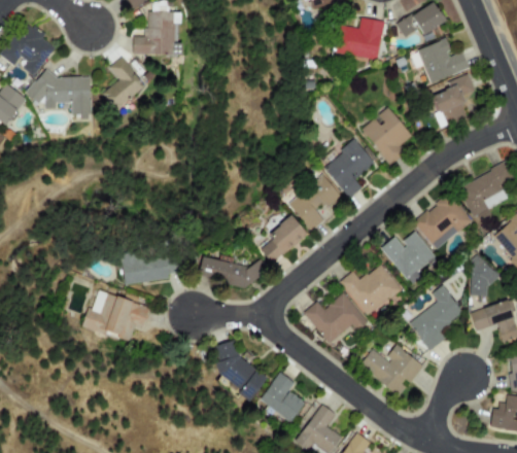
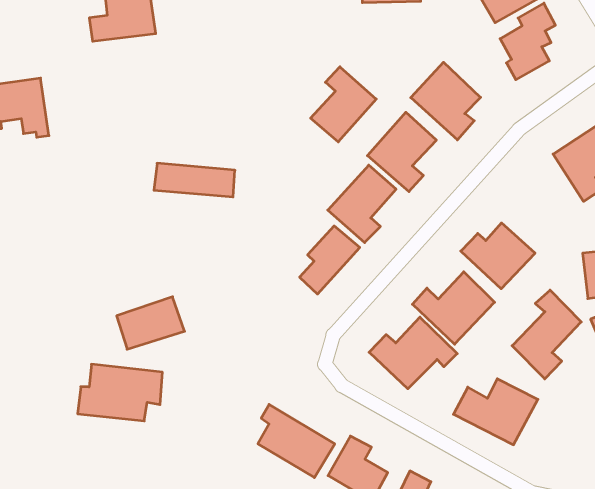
building: [103,57,146,109] -> none
building: none -> [311,67,376,142]
building: [414,193,473,249] -> none
building: [198,255,260,288] -> [154,163,235,197]

